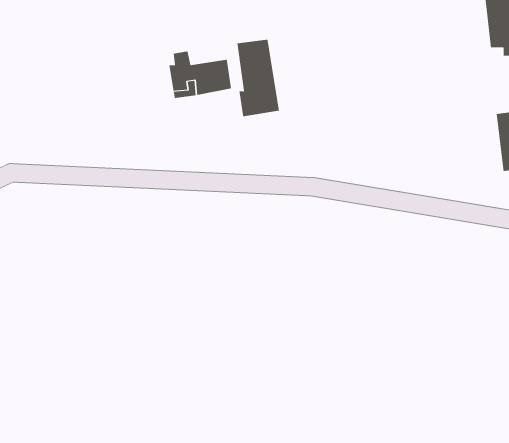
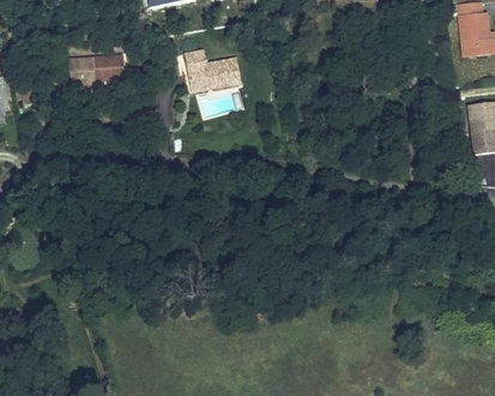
building: [237,39,279,117] -> none
building: none -> [71,52,122,88]

